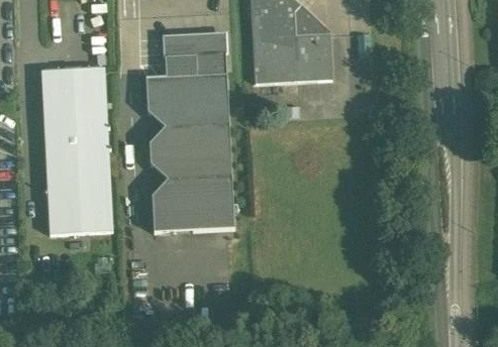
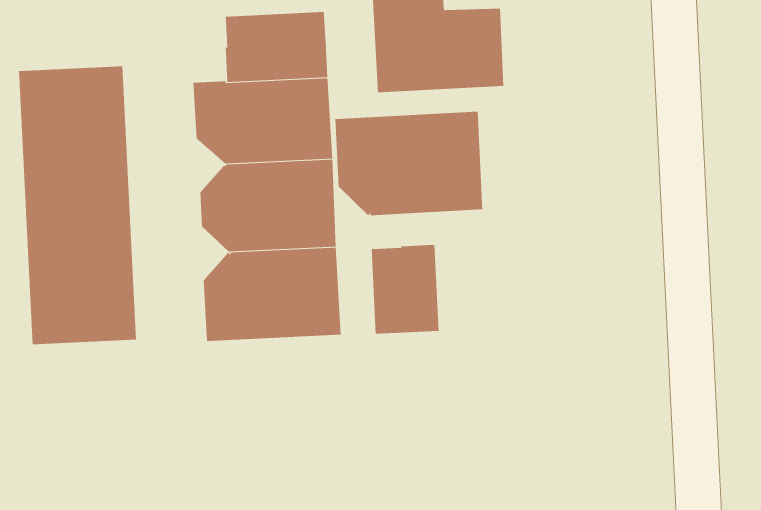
building: none -> [335,111,483,216]
building: none -> [371,244,439,335]

